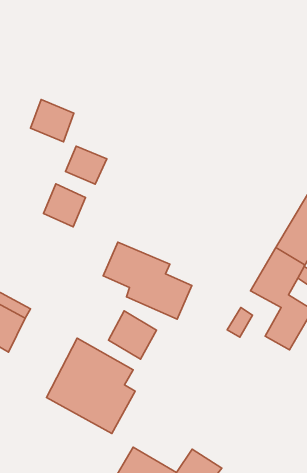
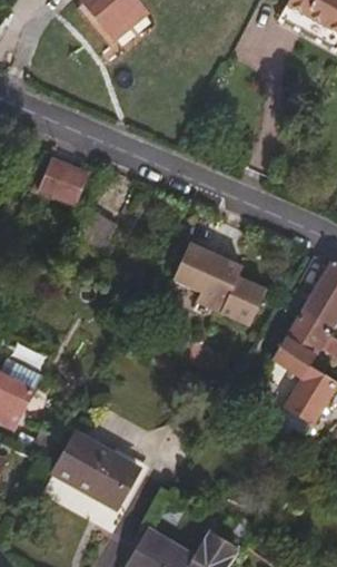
building: [44,184,85,227] -> none
building: [103,242,192,319] -> [169,245,262,326]
building: [108,311,157,359] -> none

